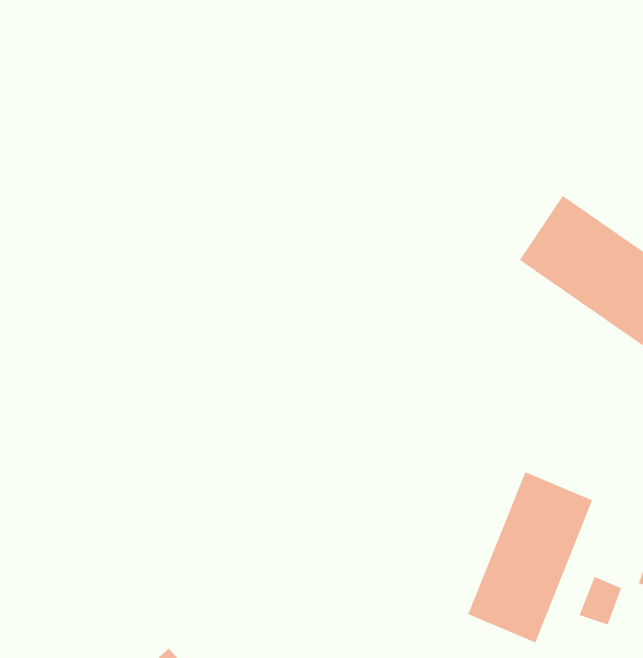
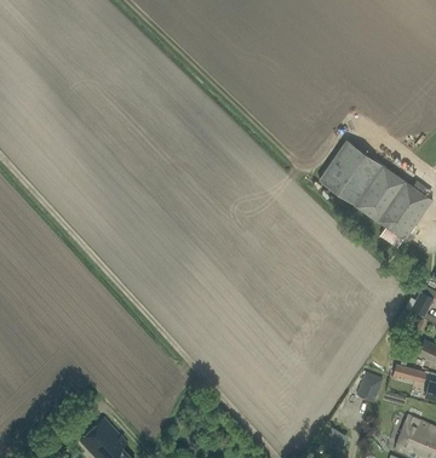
building: [467,471,593,643] -> none

